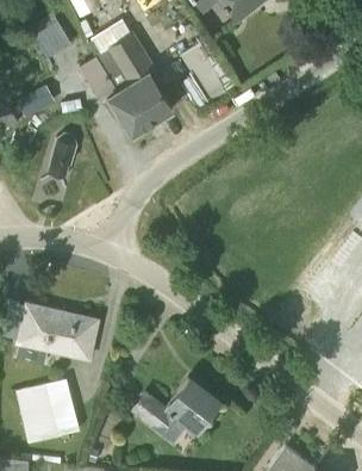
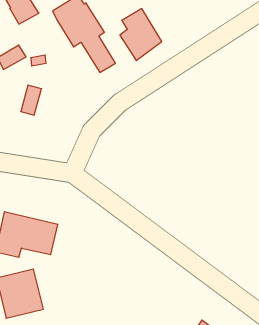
building: [79,56,151,136] -> none
building: [132,378,220,444] -> none

